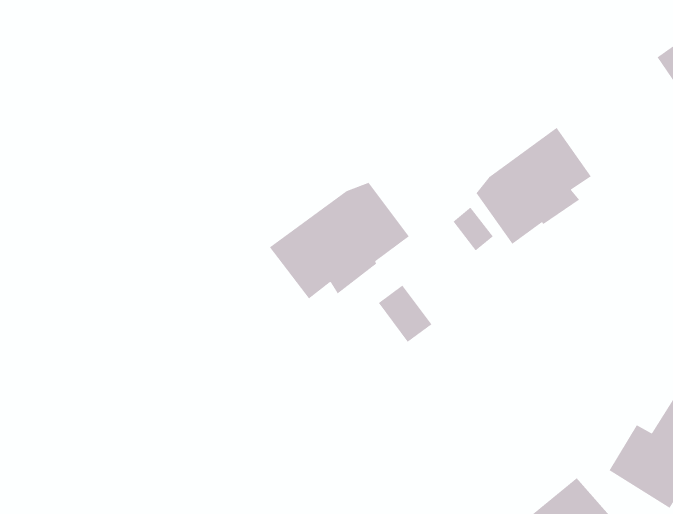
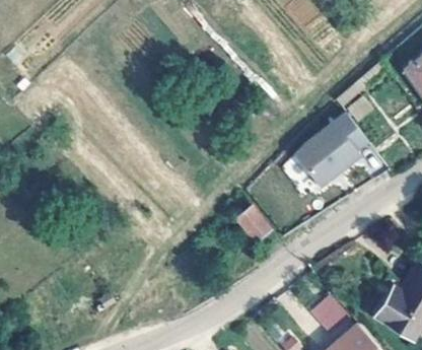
building: [269,182,410,300] -> none
building: none -> [308,295,348,335]

